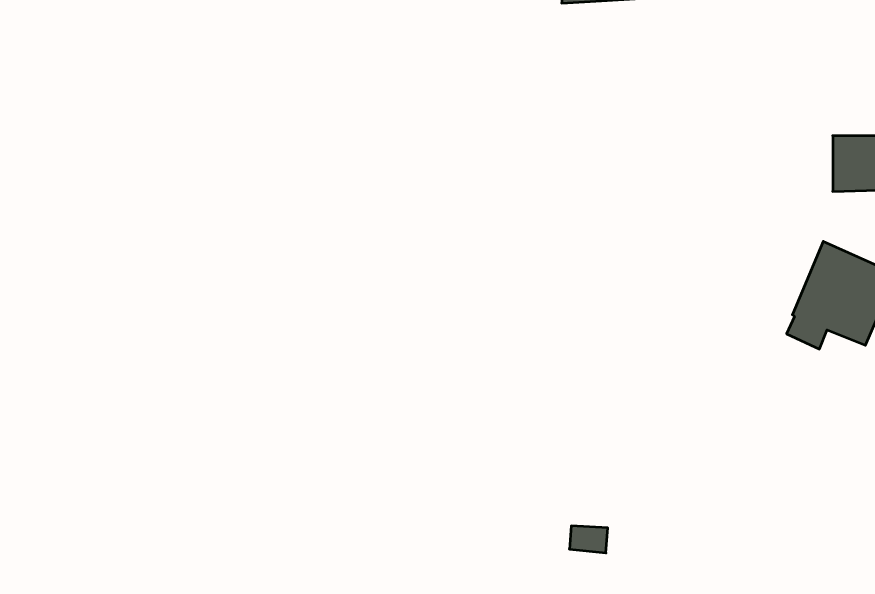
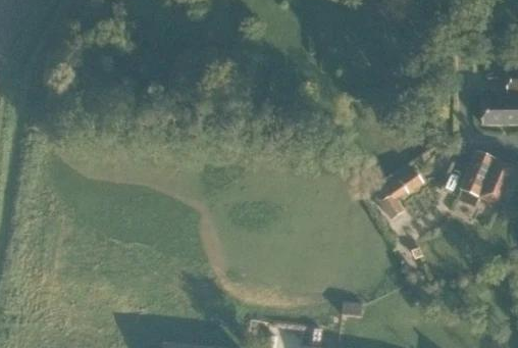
building: none -> [375,168,424,218]

